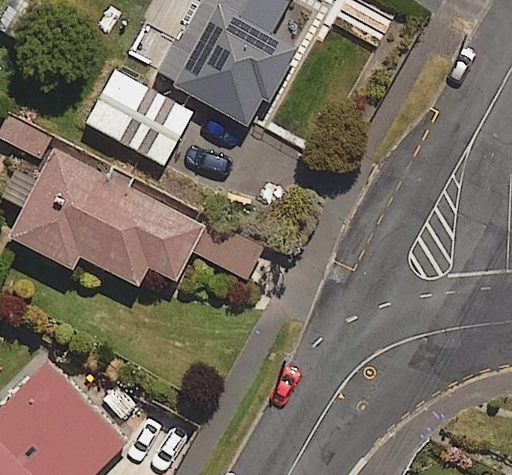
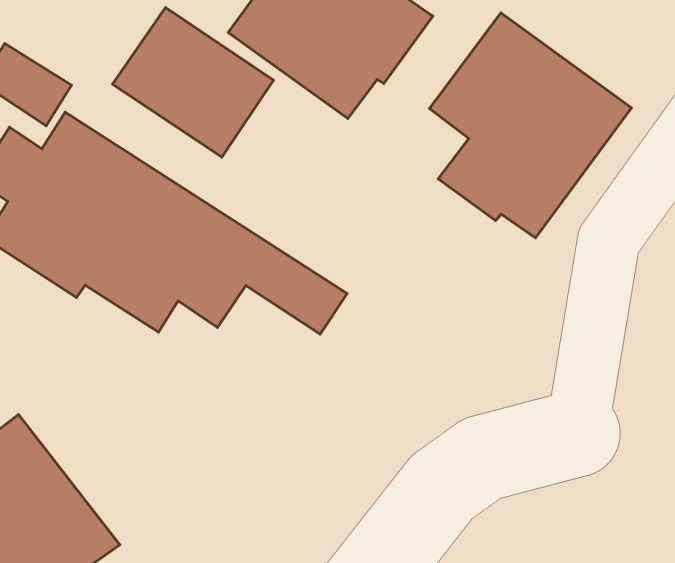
building: none -> [429,13,632,238]

